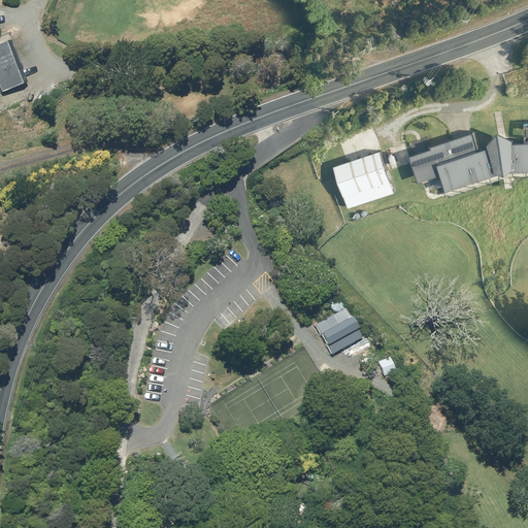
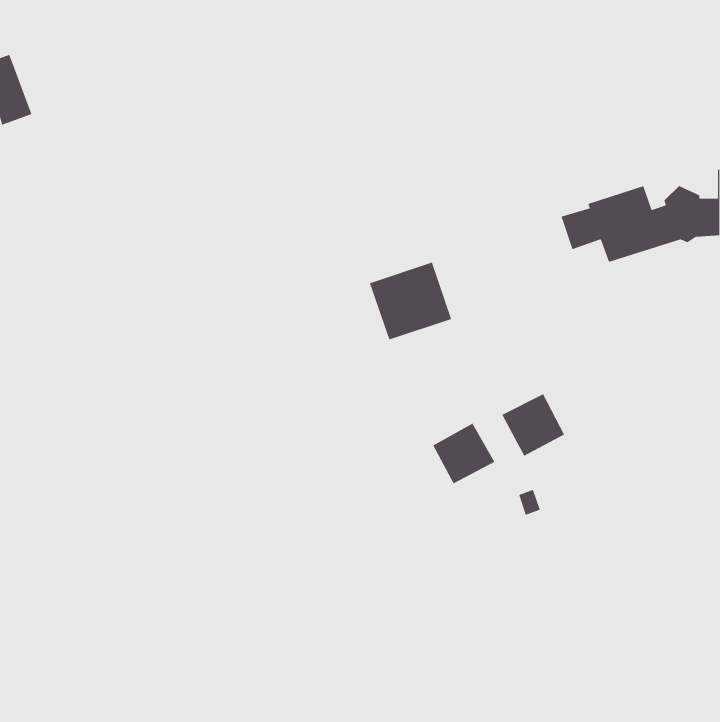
building: [332,152,393,209] -> [369,261,452,341]
building: none -> [501,393,565,457]

